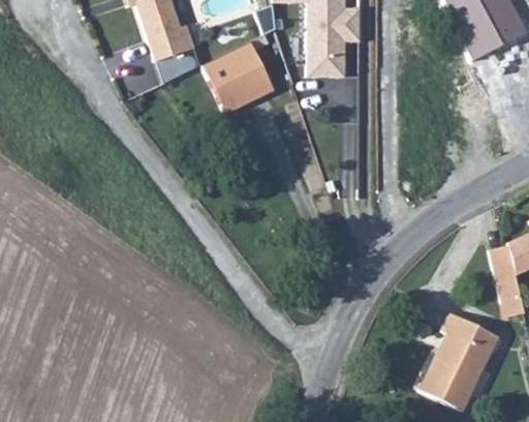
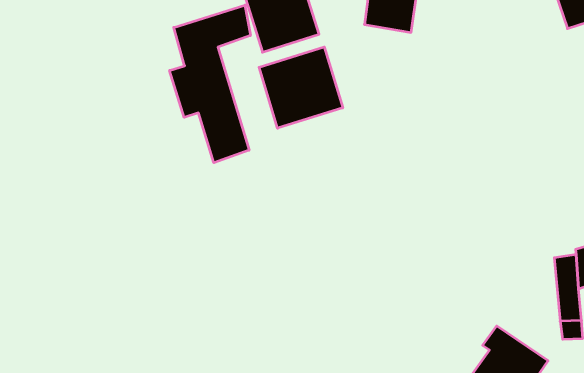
building: none -> [170,5,250,163]
building: none -> [259,47,343,128]

